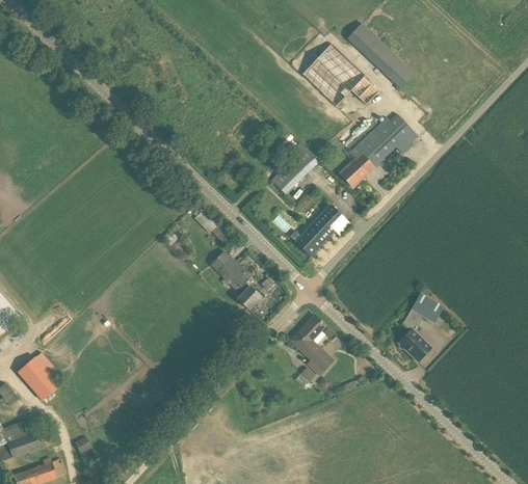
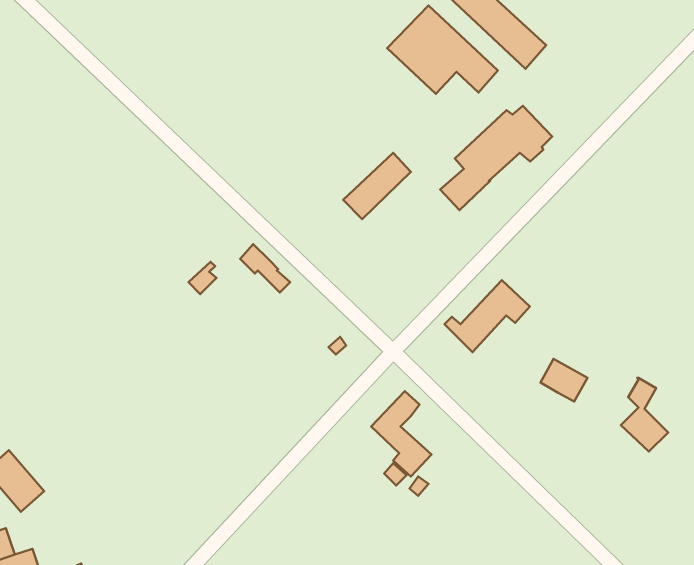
building: [289,205,349,256] -> [444,280,530,352]
building: [210,250,260,308] -> none
building: [397,308,430,360] -> [621,378,668,452]

